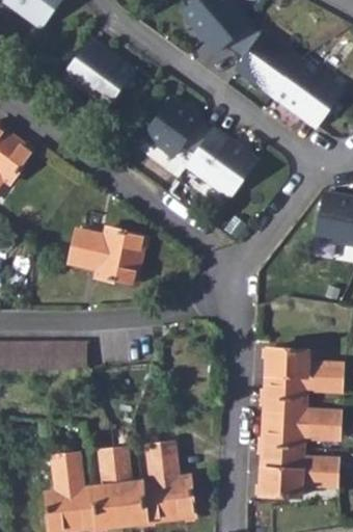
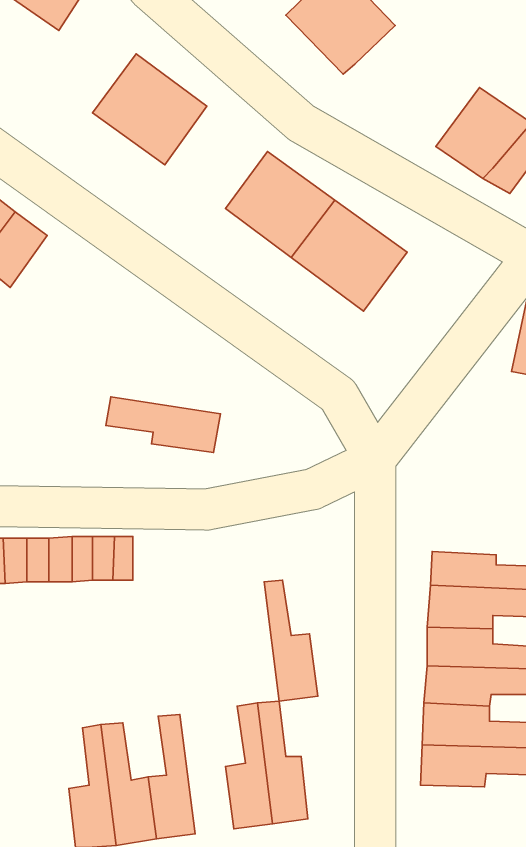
building: [221,23,298,98] -> none
building: [71,234,141,263] -> none
building: [113,448,146,523] -> [264,580,318,701]

